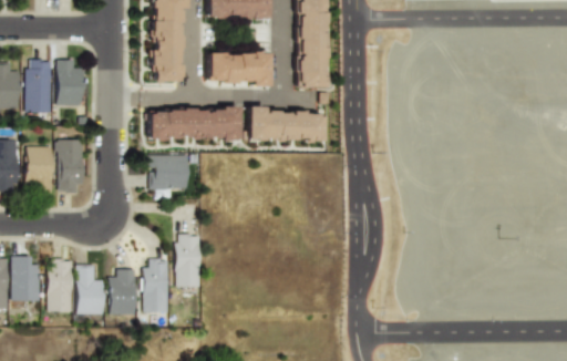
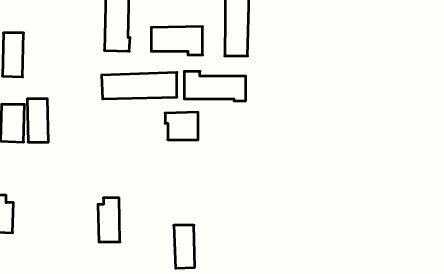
building: [58,59,84,105] -> none
building: [147,155,187,188] -> [165,112,198,140]
building: [175,235,200,287] -> [174,225,195,268]
building: [48,259,73,312] -> none
building: [76,265,104,313] -> none
building: [110,269,135,314] -> none

